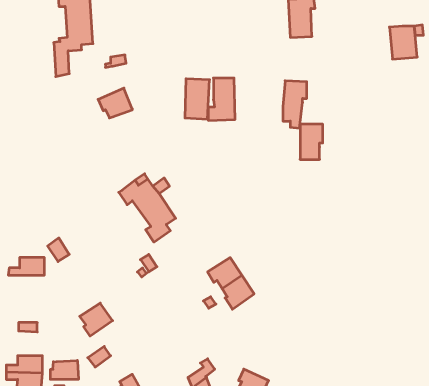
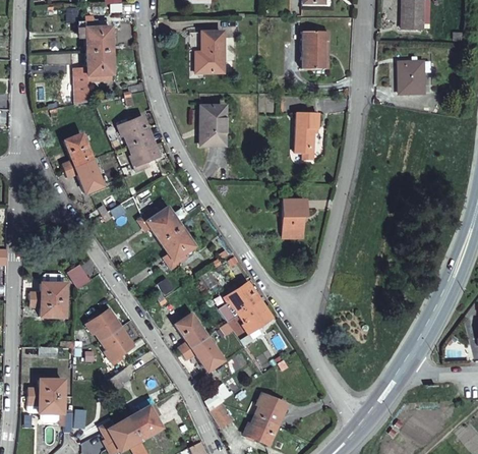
building: [208,78,235,120] -> [199,34,226,75]
building: none -> [64,134,104,193]
building: none -> [129,136,161,168]
building: [300,124,323,159] -> [286,196,308,231]
building: none -> [29,300,65,316]
building: none -> [85,309,120,341]
building: none -> [178,313,224,370]
building: [50,360,78,379] -> none

